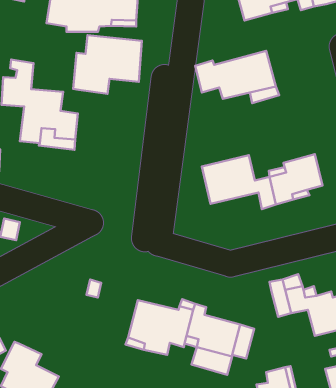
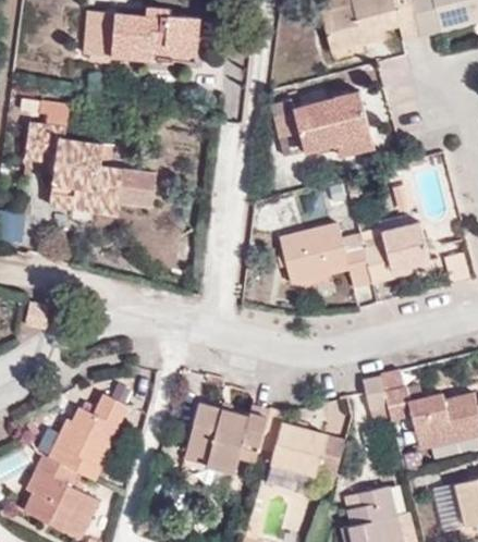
building: [73,35,142,94] -> none
building: none -> [120,170,156,206]
building: none -> [49,393,128,480]

